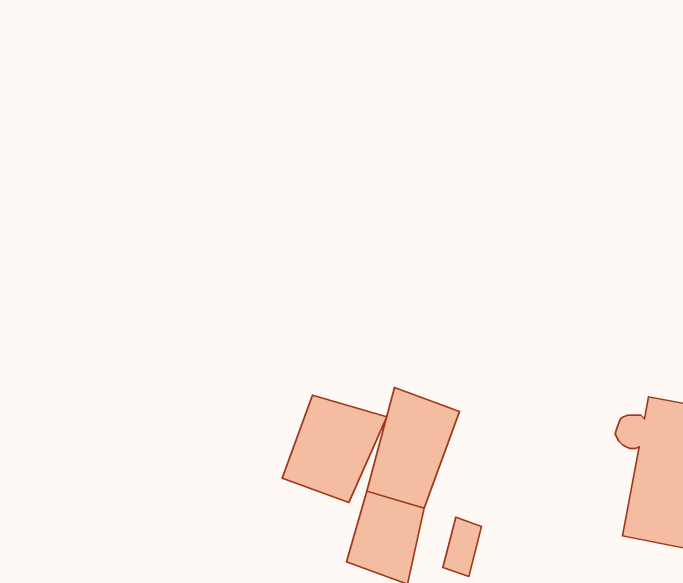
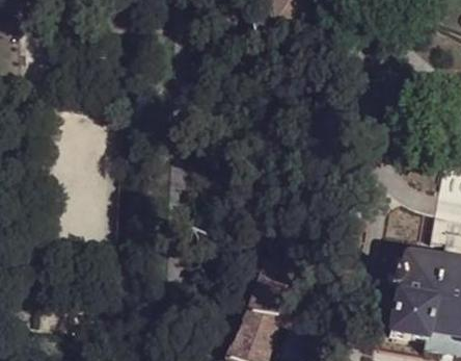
building: [282,395,387,503] -> none

